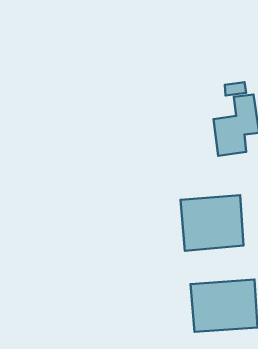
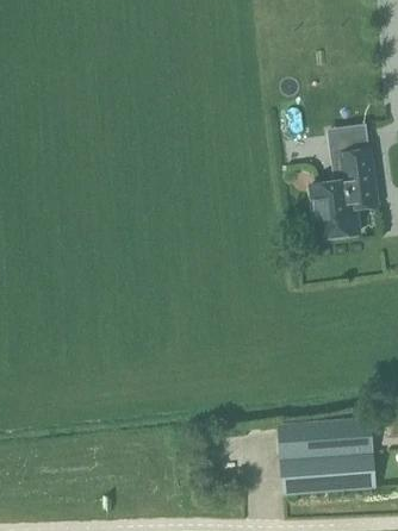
building: [180,195,243,251] -> none

